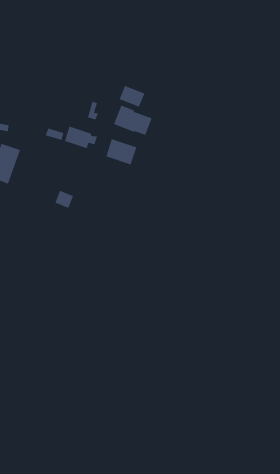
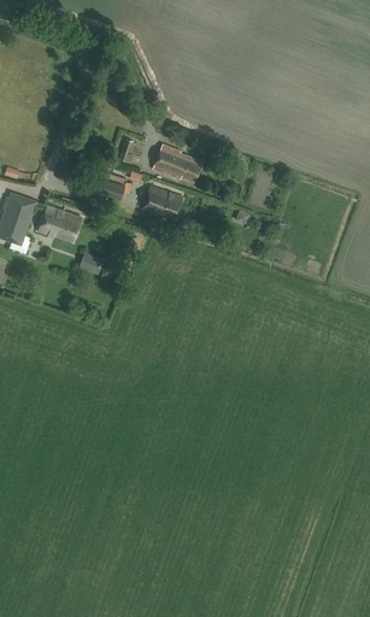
building: [119,85,145,108] -> none
building: none -> [37,205,82,242]

